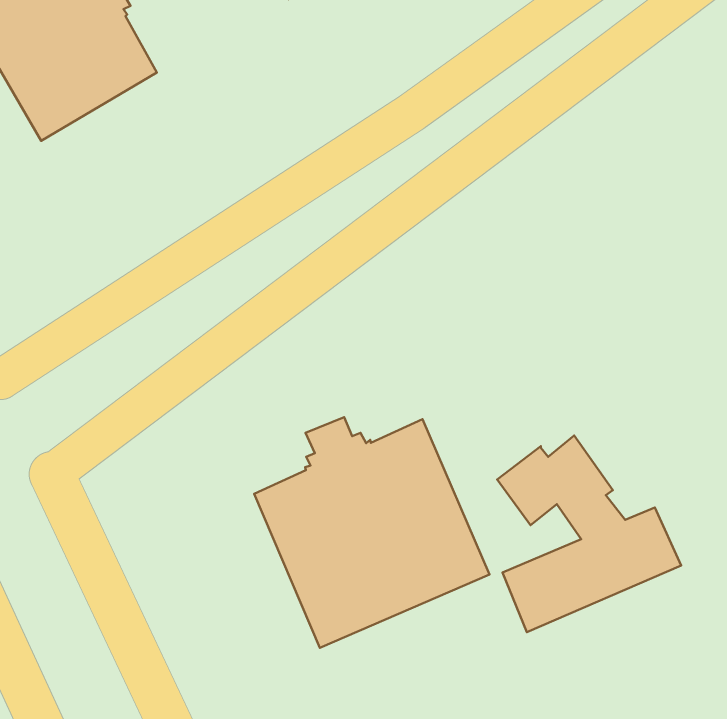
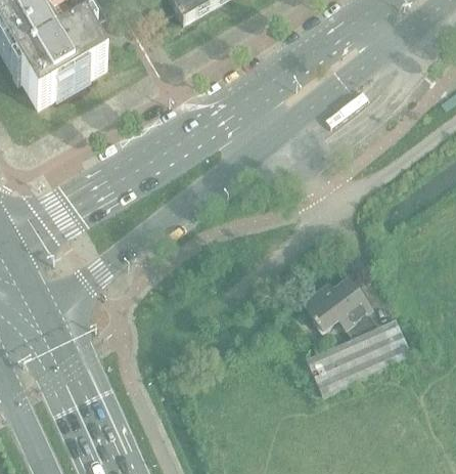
building: [254,417,490,648] -> none

